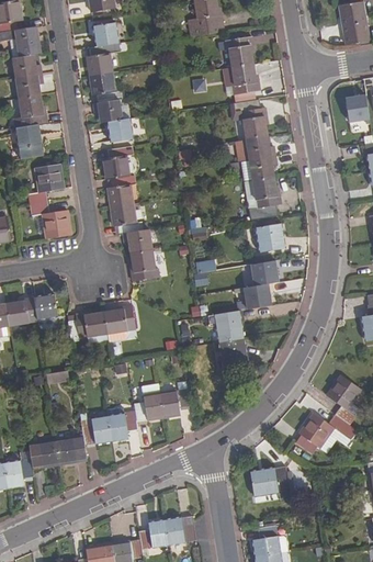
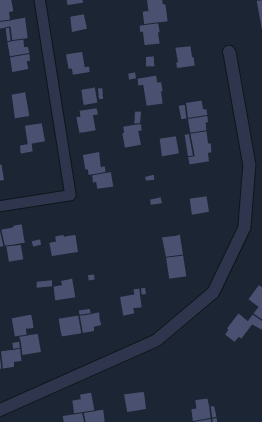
building: [225,36,253,66] -> [139,23,161,46]
building: [87,42,120,75] -> none
building: [13,94,48,127] -> none
building: [233,98,268,138] -> [137,75,164,106]
building: [93,99,123,122] -> none
building: [108,175,135,206] -> [122,124,143,148]
building: [30,202,70,238] -> none
building: [257,224,284,251] -> [159,136,180,157]
building: [129,248,159,281] -> none
building: [242,283,271,308] -> none
building: [33,294,57,317] -> [6,244,24,262]
building: [103,304,135,334] -> none
building: [133,392,163,422] -> [53,278,76,301]
building: [54,435,84,464] -> [11,314,34,337]
building: [250,467,290,499] -> none
building: [138,519,169,548] -> [72,392,95,414]

